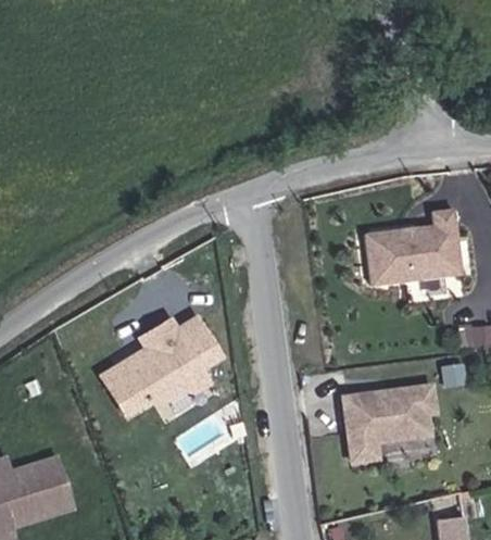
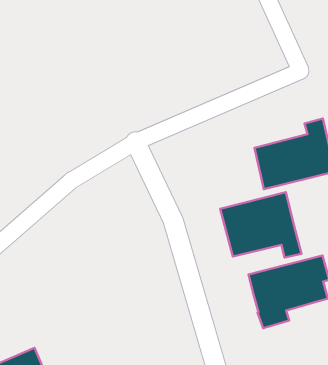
building: none -> [220,192,302,258]
building: [98,313,224,418] -> none

